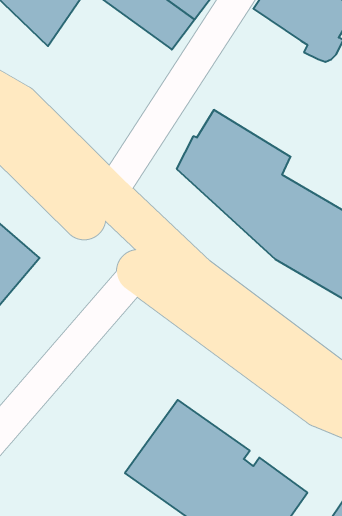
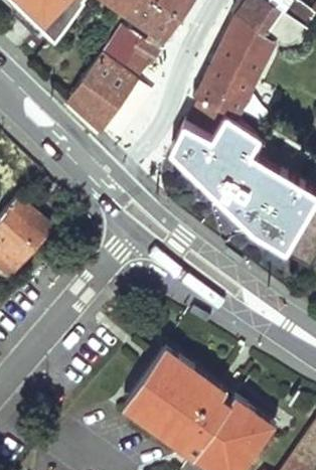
building: none -> [194,18,272,139]
building: none -> [66,29,161,137]

